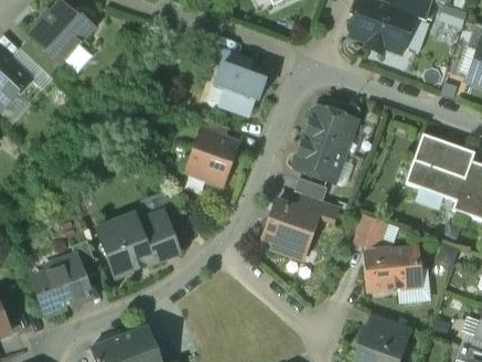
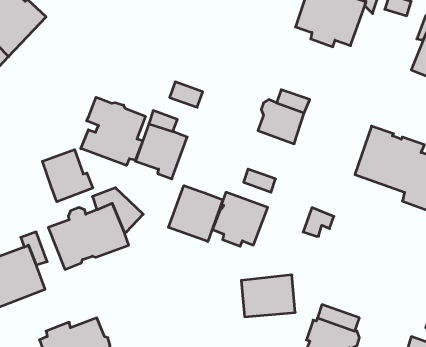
building: [214,64,266,100] -> none
building: none -> [81,97,145,165]
building: [296,138,345,181] -> none
building: none -> [42,150,93,202]
building: none -> [168,186,223,242]
building: [366,247,420,289] -> [241,275,295,317]

